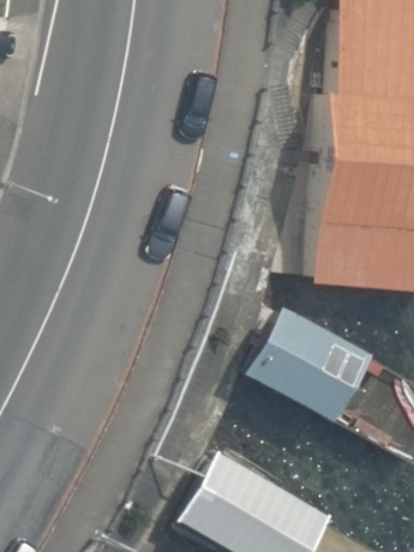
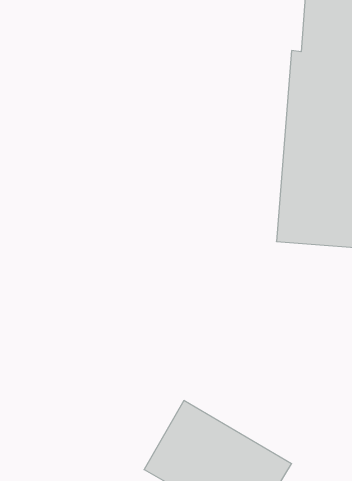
building: [239,305,364,420] -> none

